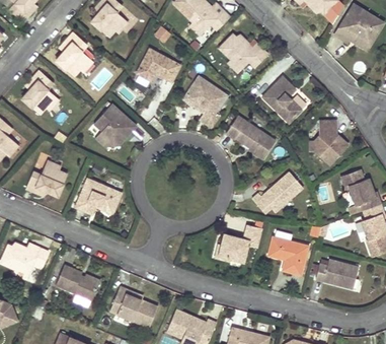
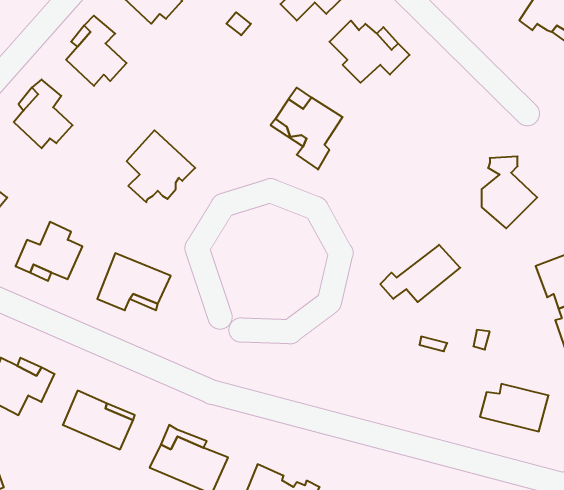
building: [141,47,179,87] -> none
building: [261,77,301,124] -> none
building: [224,115,274,158] -> none
building: [215,223,259,262] -> none
building: [265,236,306,275] -> none

